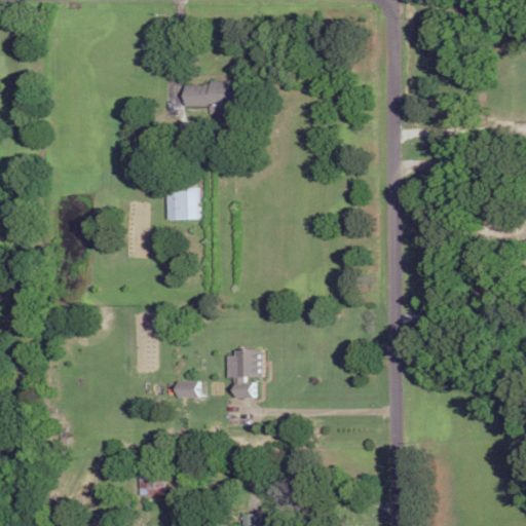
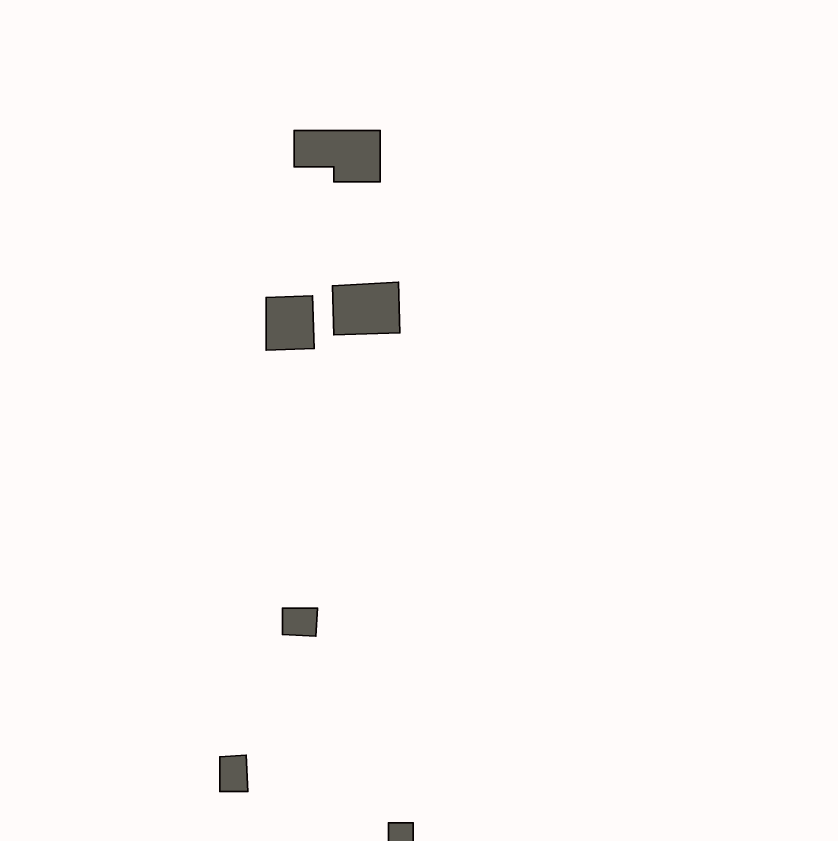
building: none -> [332,282,400,335]
building: [226,349,262,398] -> none

